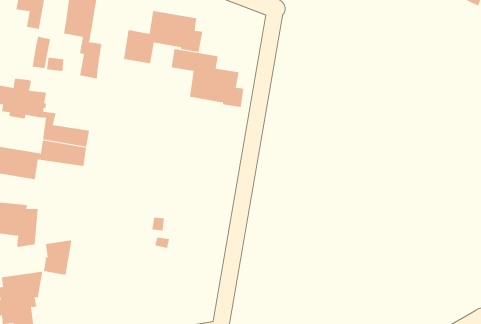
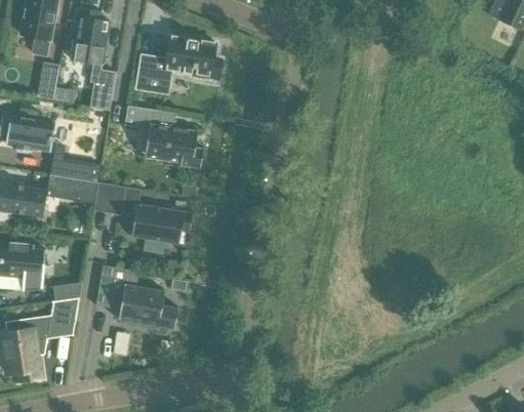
building: [171,48,244,107] -> [124,106,203,169]
building: none -> [93,183,192,245]
building: none -> [95,265,178,330]

